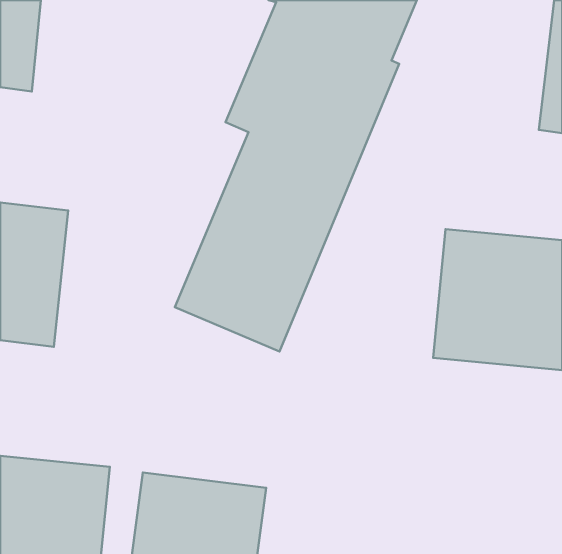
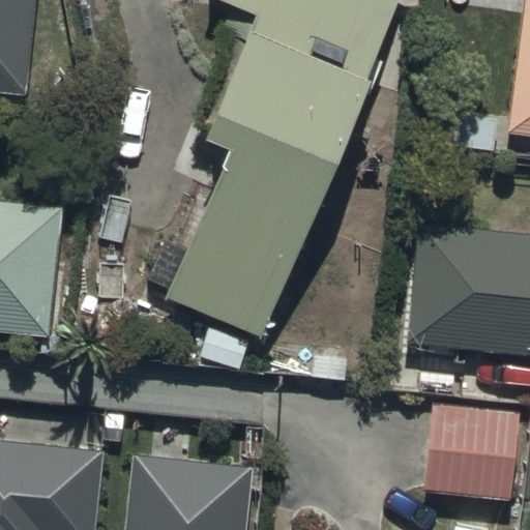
building: none -> [424,405,520,502]

